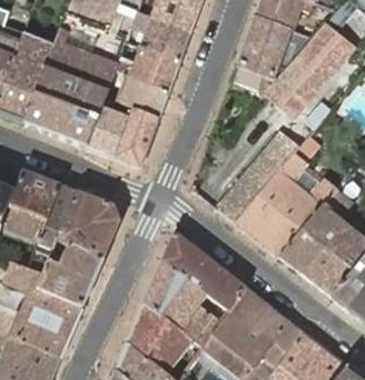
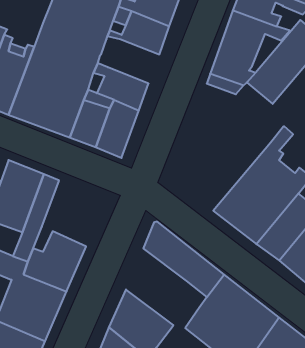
building: [116,41,179,90] -> none
building: [217,120,307,221] -> none
building: [58,190,120,258] -> none
building: [145,260,220,346] -> none

